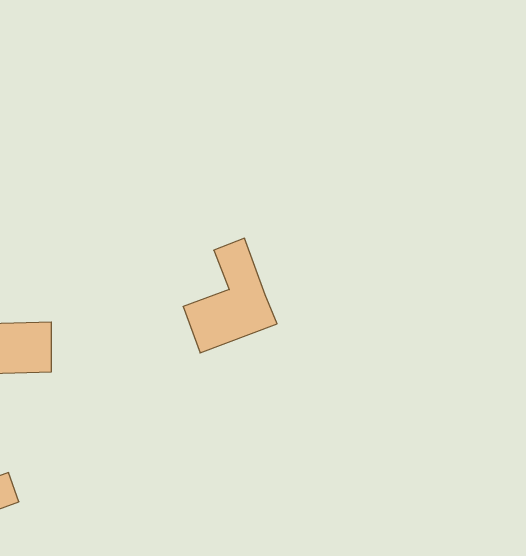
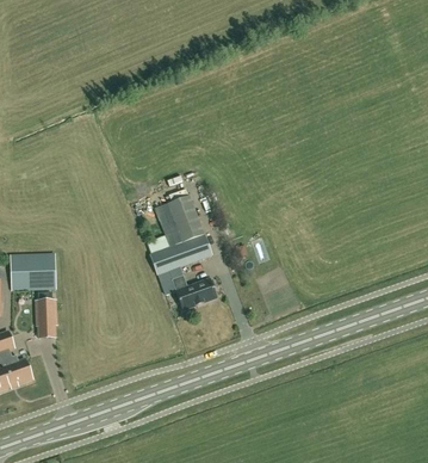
building: none -> [172,277,216,310]
building: none -> [35,301,55,339]

